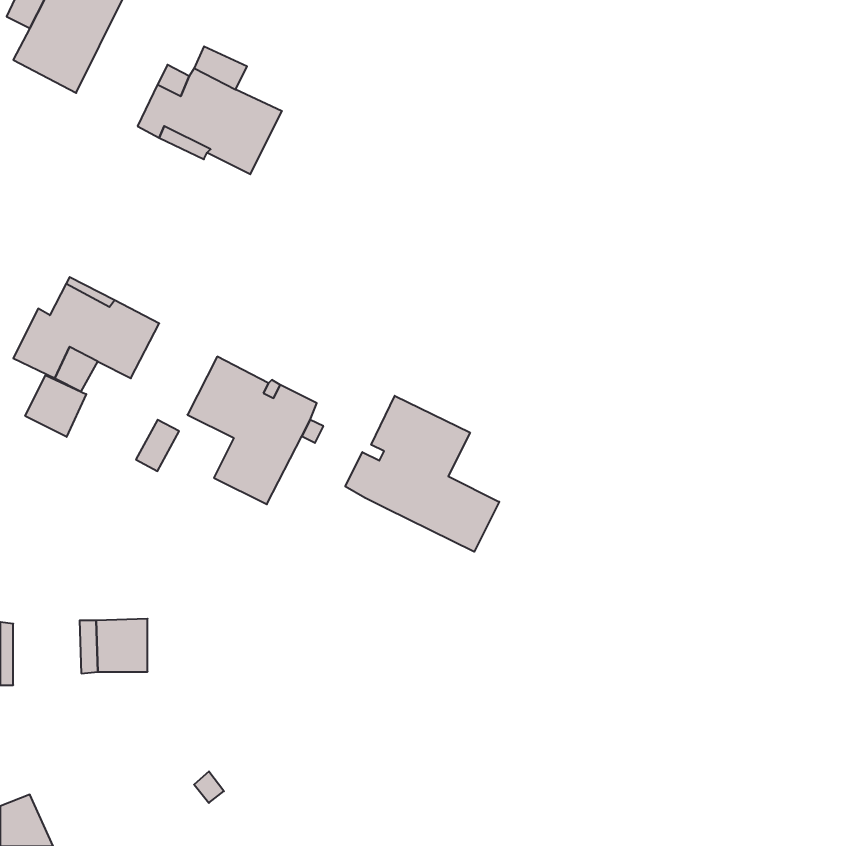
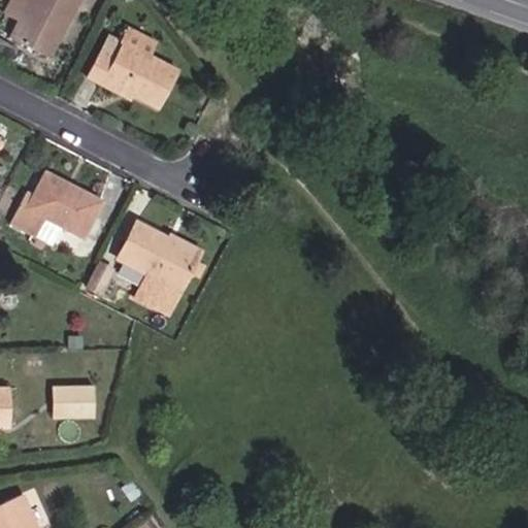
building: [25,375,86,437] -> none
building: [345,396,499,552] -> none

